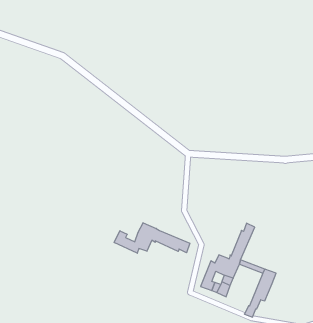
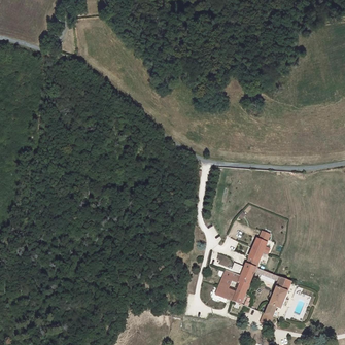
building: [114,223,190,253] -> none

